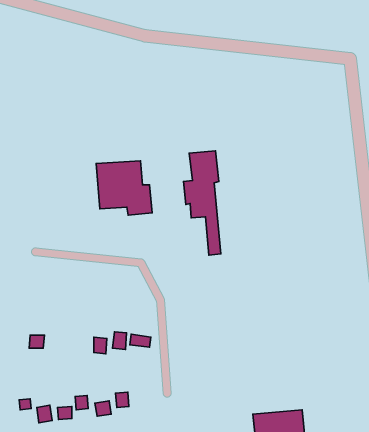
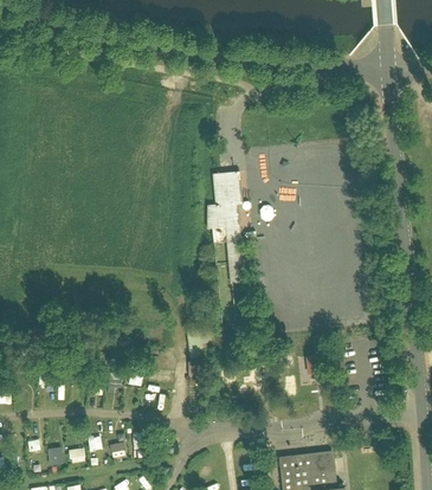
building: [96,161,152,215] -> none

